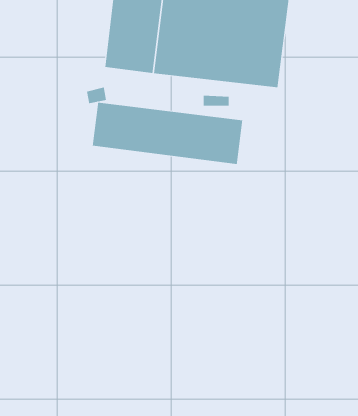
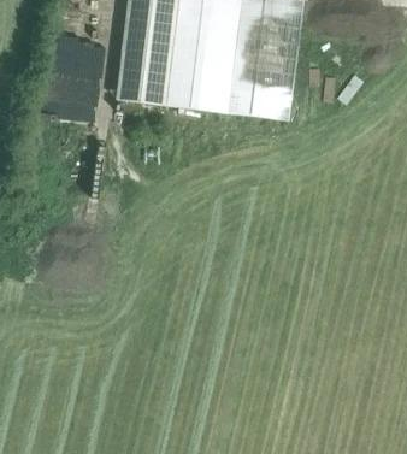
building: [92,102,243,165] -> none

